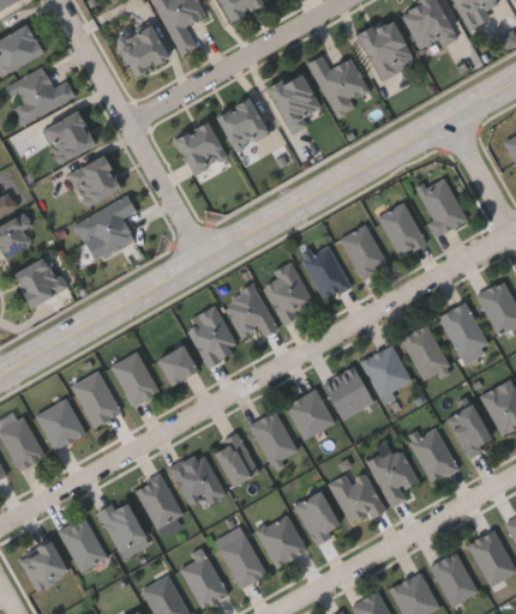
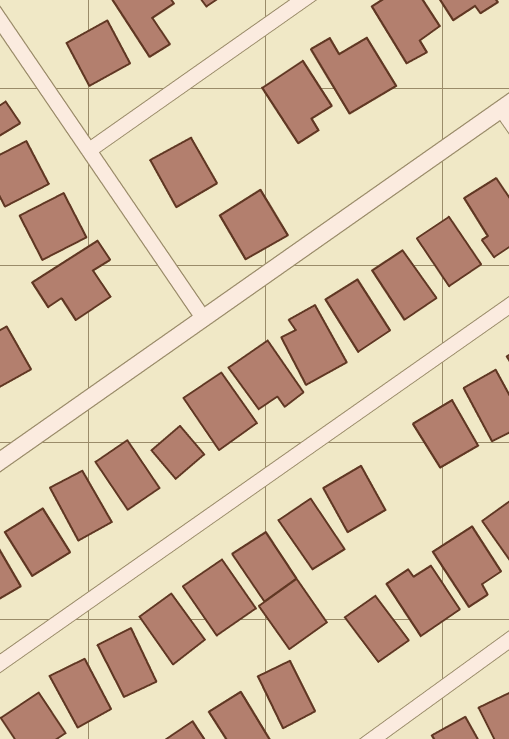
building: [218,97,270,150] -> [220,190,288,259]
building: [322,367,373,421] -> none
building: [256,514,307,568] -> [259,579,327,649]

